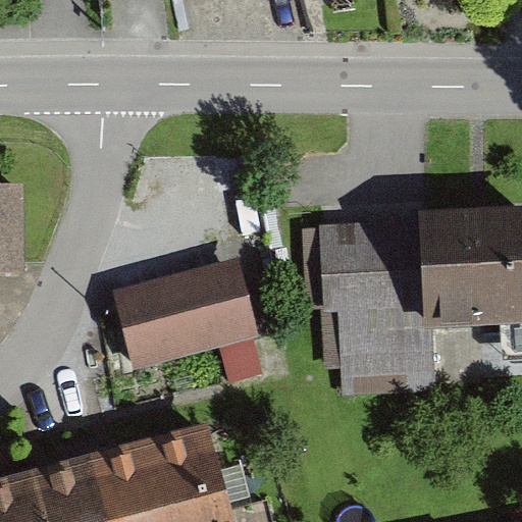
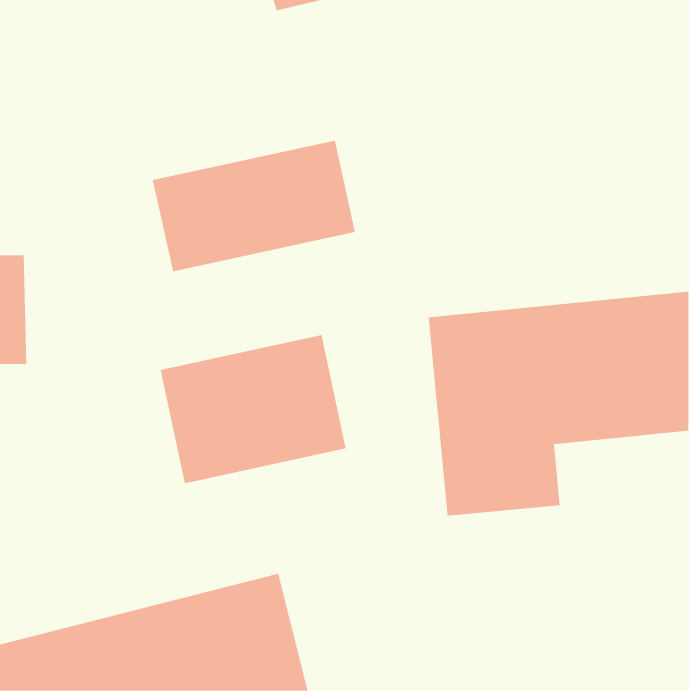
building: none -> [152,140,356,272]

